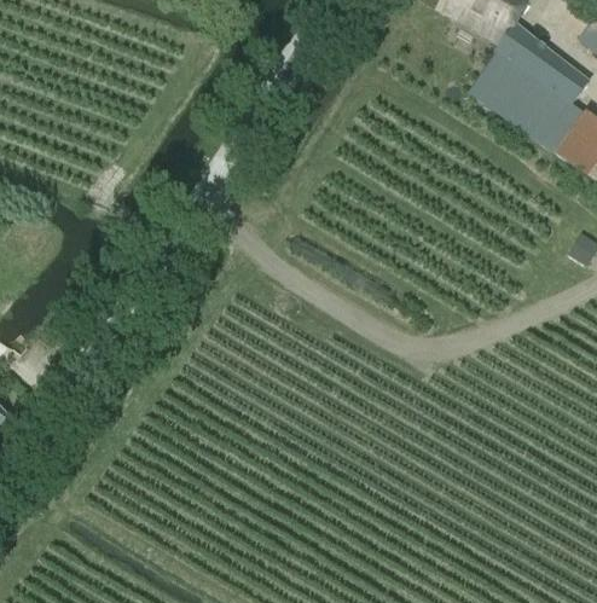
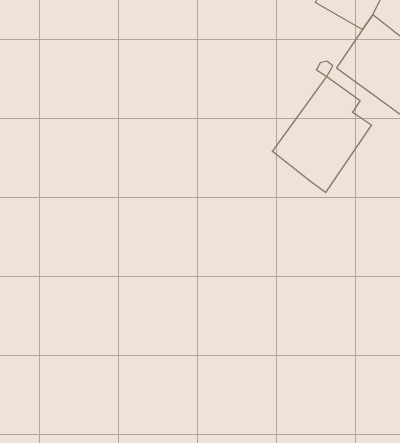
building: none -> [272,76,371,193]

